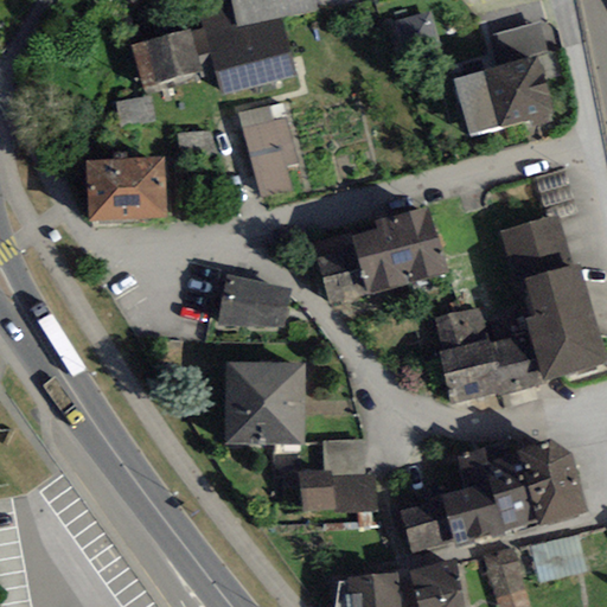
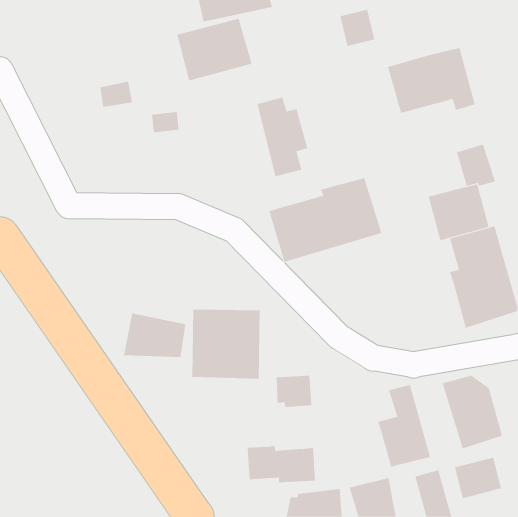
building: [493,21,548,64] -> none
building: [130,27,200,87] -> none
building: [238,103,299,197] -> [257,97,308,177]
building: [87,156,167,222] -> none
building: [217,275,290,327] -> [123,313,186,358]
building: [436,306,544,404] -> none
building: [480,437,541,535] -> none
building: [299,471,379,515] -> [247,445,316,483]
building: [400,499,455,554] -> none

